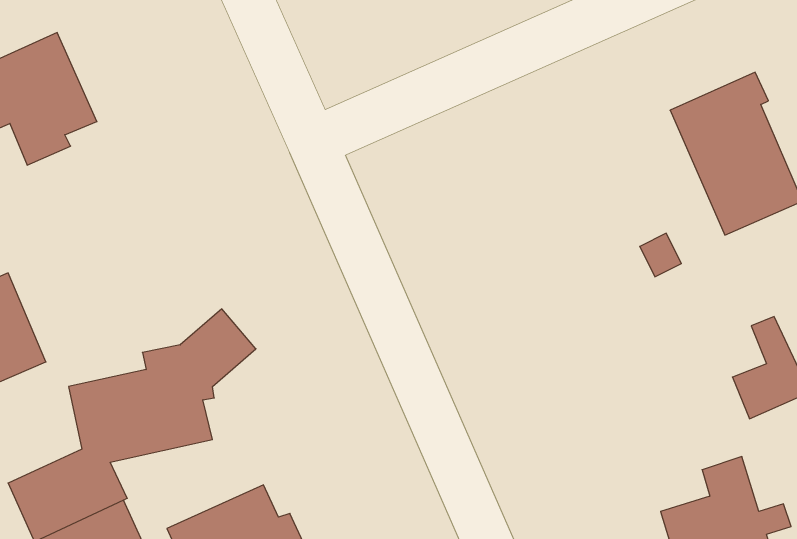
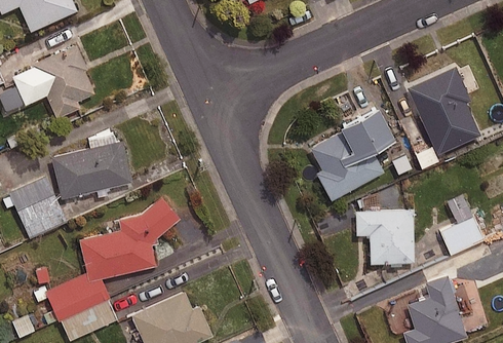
building: none -> [306,104,392,200]
building: none -> [52,136,132,198]
building: none -> [354,209,414,266]

